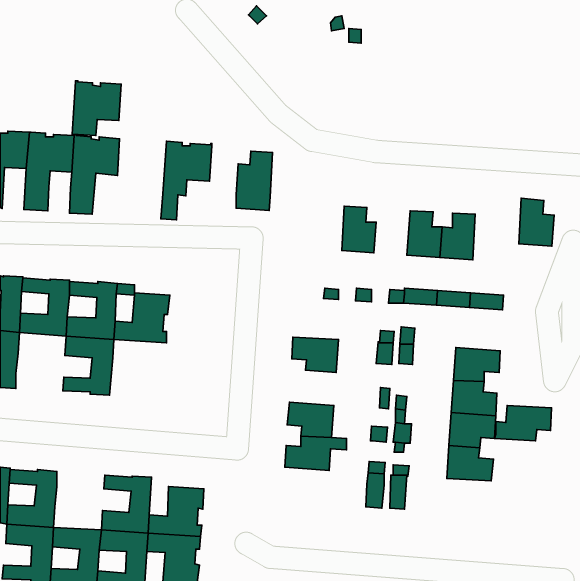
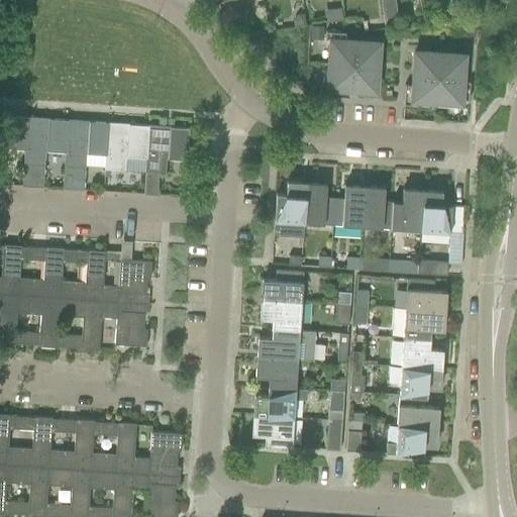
building: none -> [326,32,380,98]
building: none -> [405,53,471,106]
building: [72,81,121,135] -> [105,123,148,172]
building: [236,151,272,211] -> [275,183,307,235]
building: [519,198,554,246] -> [421,191,452,233]
building: none -> [333,186,366,227]
building: none -> [262,271,304,302]
building: none -> [406,280,446,312]
building: none -> [16,296,61,348]
building: none -> [102,302,149,347]
building: none -> [258,329,316,361]
building: [495,406,552,441] -> [387,425,437,456]
building: none -> [252,415,294,448]
building: none -> [49,420,95,471]

